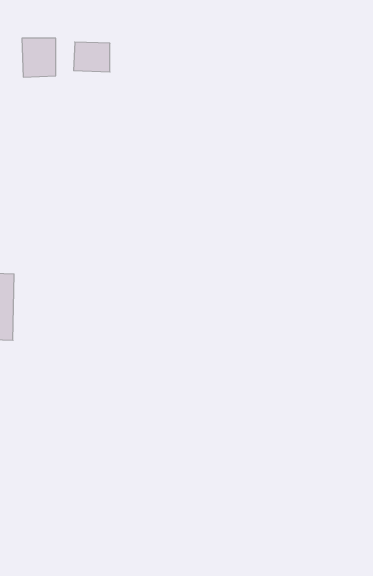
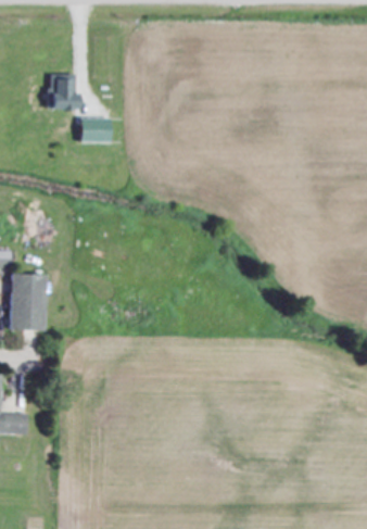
building: [74,42,110,72] -> [81,117,112,142]

